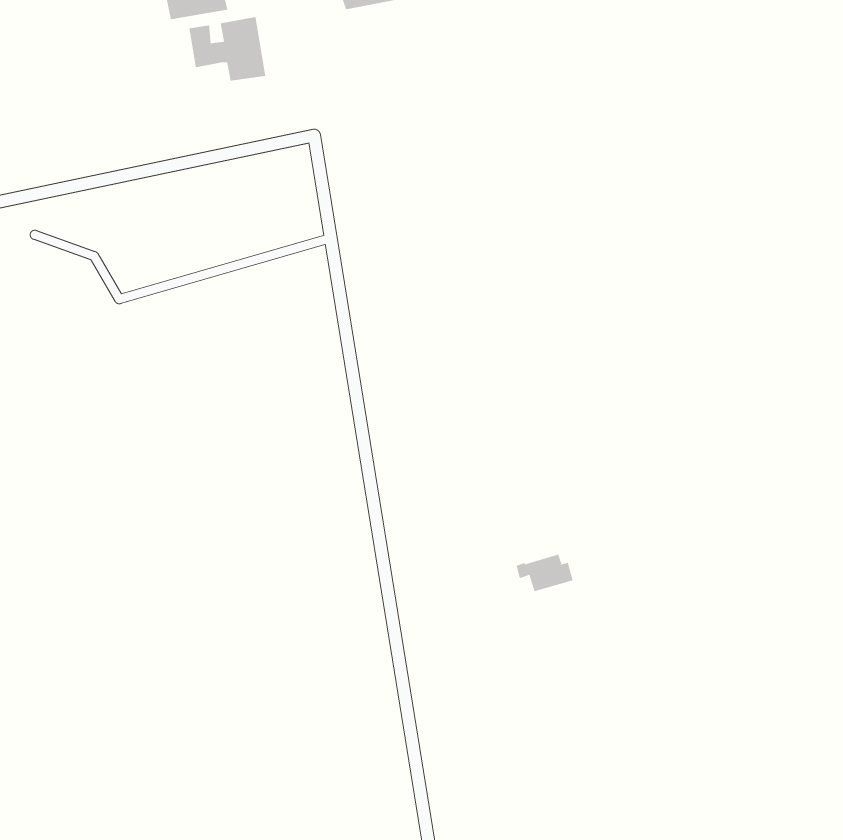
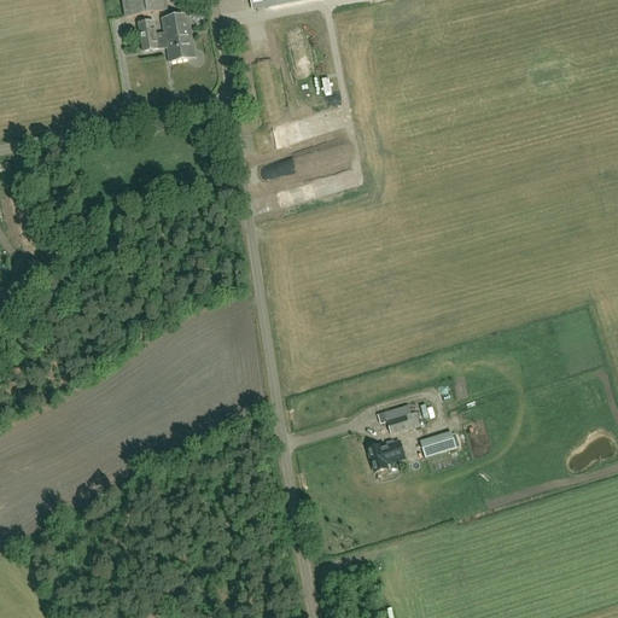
building: none -> [424,427,461,455]
building: none -> [368,438,403,470]

